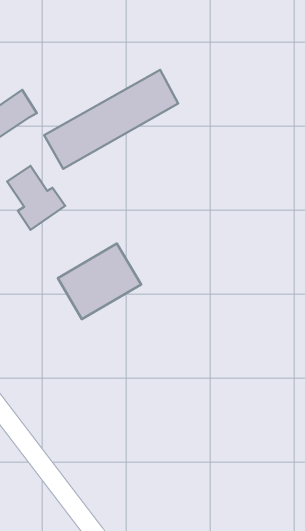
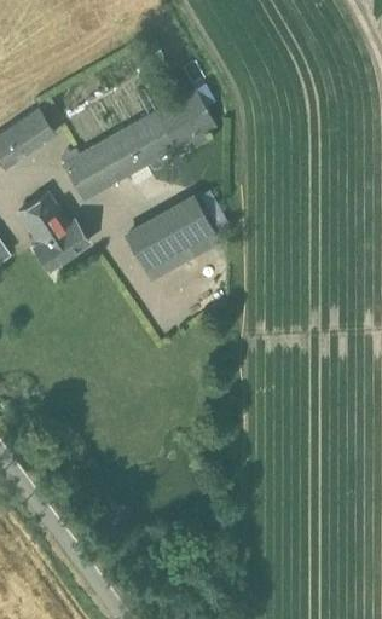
building: [58,243,141,319] -> [126,195,221,282]

